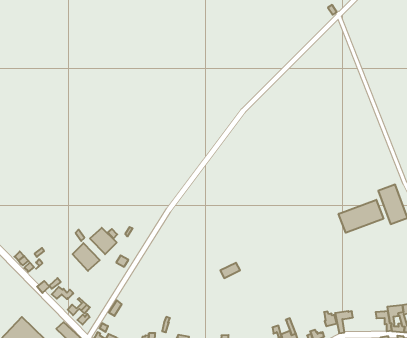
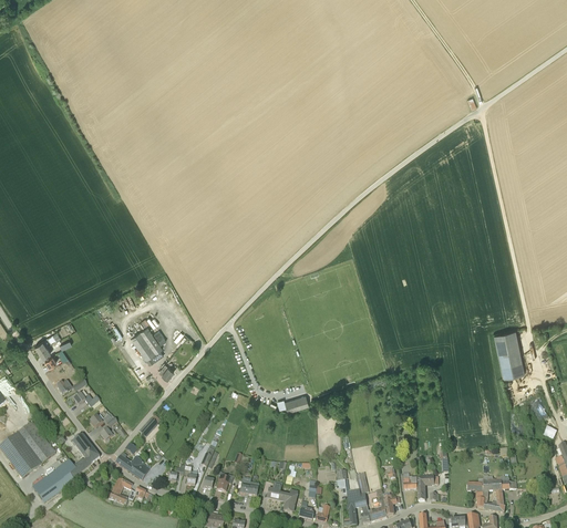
building: [339,200,383,233] -> none
building: [73,243,100,271] -> none

